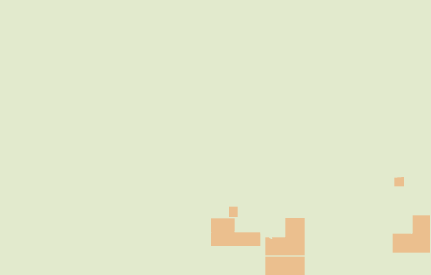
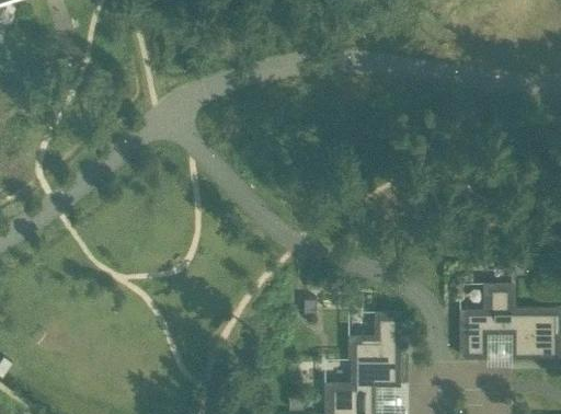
building: none -> [461,283,534,357]
building: [211,218,261,247] -> none

